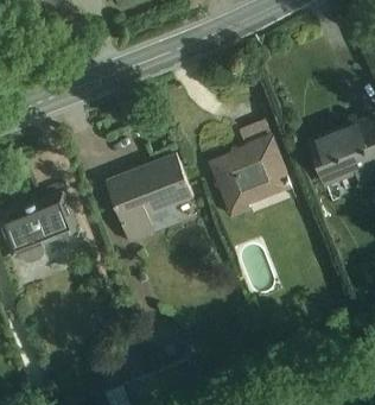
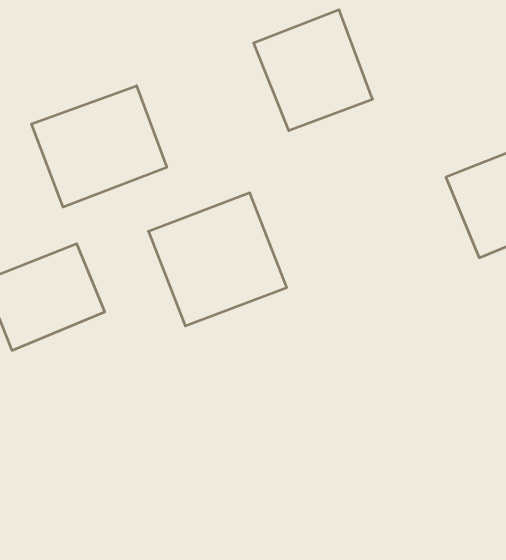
building: none -> [31,86,167,207]
building: [208,129,288,211] -> [254,10,373,131]

